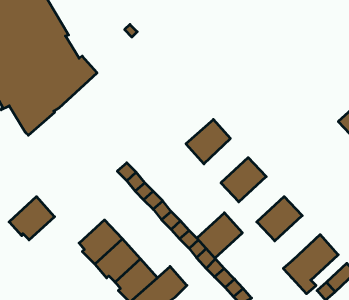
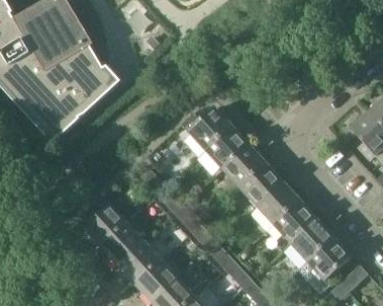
building: none -> [181,106,231,149]
building: none -> [222,144,265,186]
building: [9,197,55,240] -> [84,203,127,244]
building: [197,213,242,258] -> [256,180,299,224]
building: none -> [290,218,333,260]

